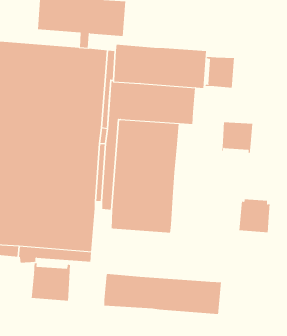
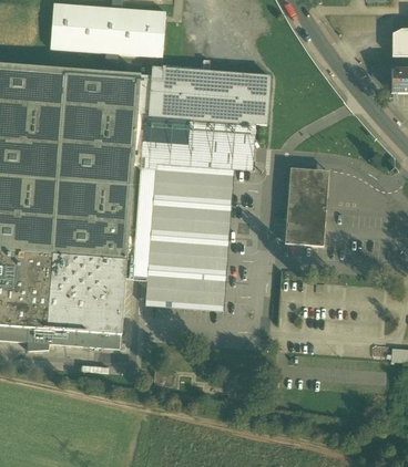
building: [205,56,235,89] -> none
building: [239,199,270,233] -> [285,201,326,246]
building: [31,262,71,302] -> none
building: [104,273,221,315] -> none

